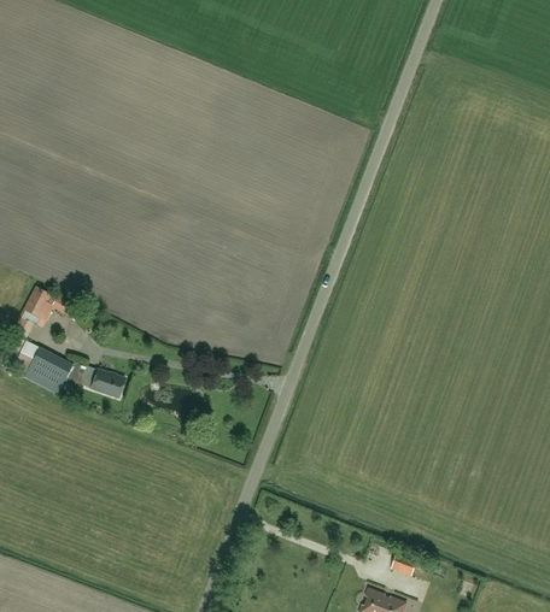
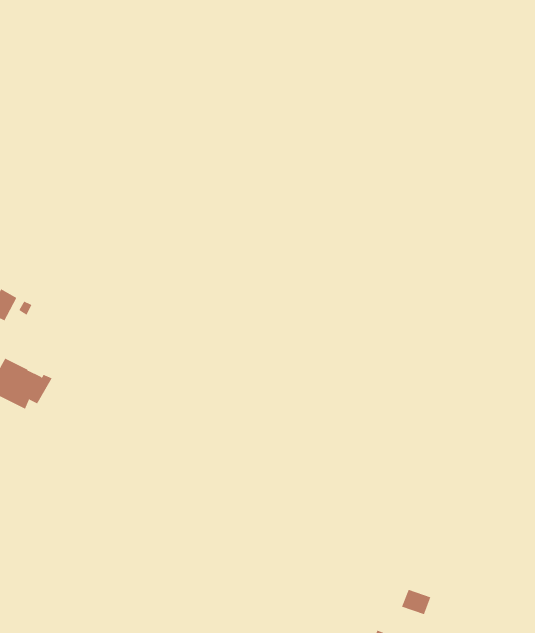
building: [92,369,125,398] -> none

